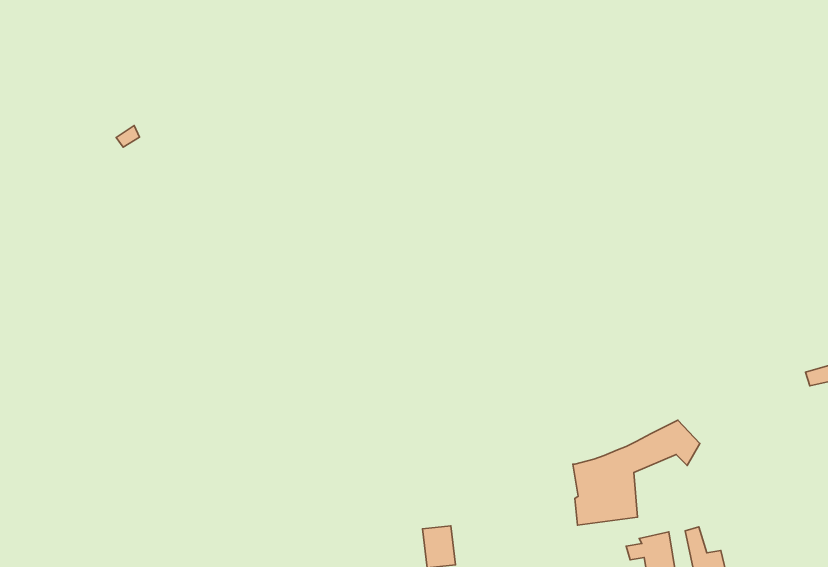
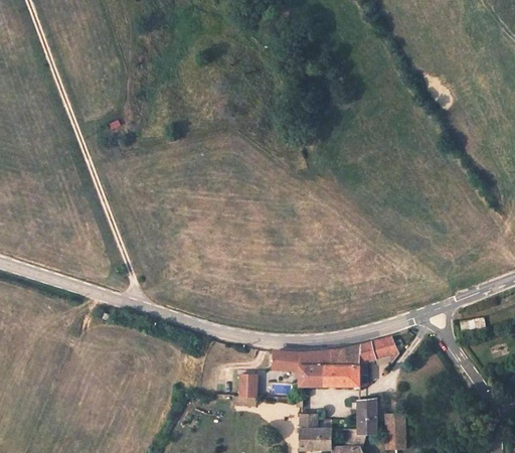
building: none -> [274,352,328,387]

